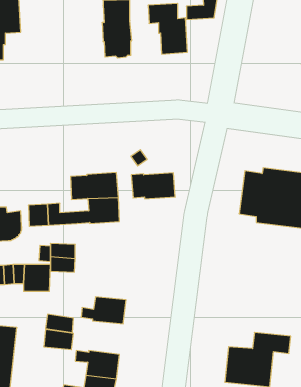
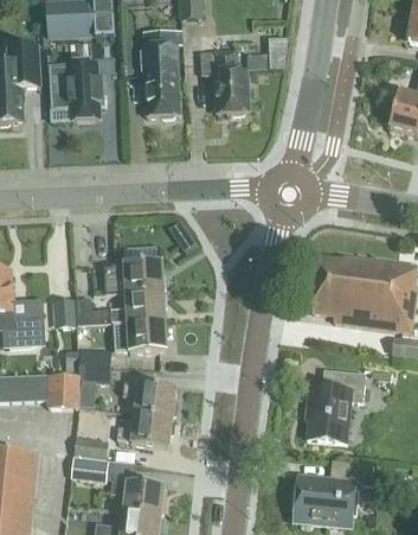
building: none -> [49,62,104,120]
building: [131,173,175,199] -> [112,320,167,352]
building: none -> [304,369,366,441]
building: none -> [122,383,176,418]

